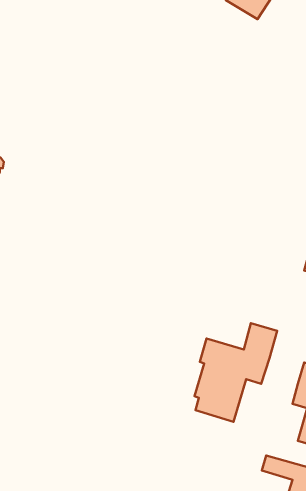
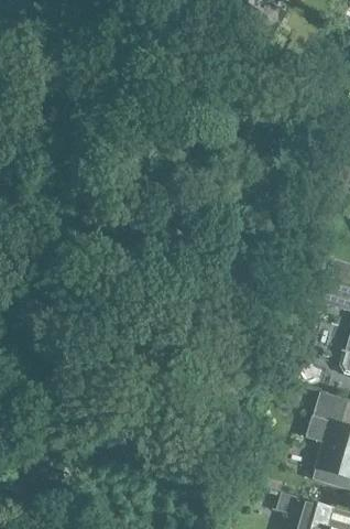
building: [195,323,277,422] -> none

